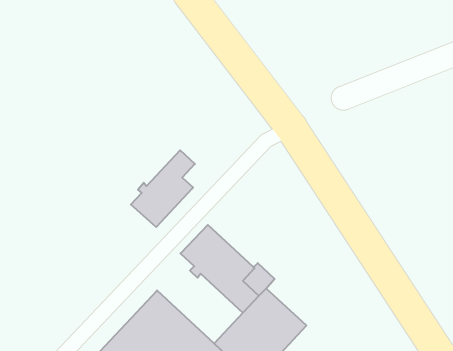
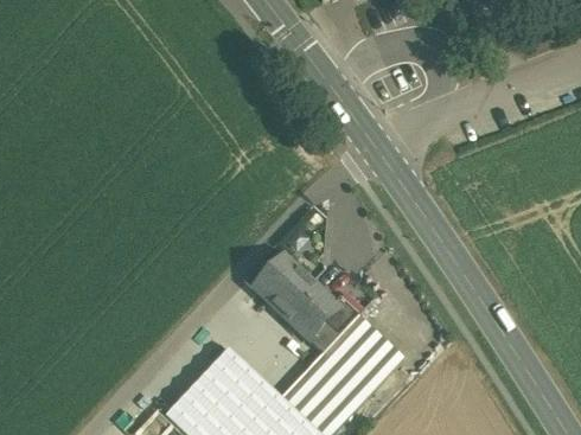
building: [131,150,195,227] -> none

